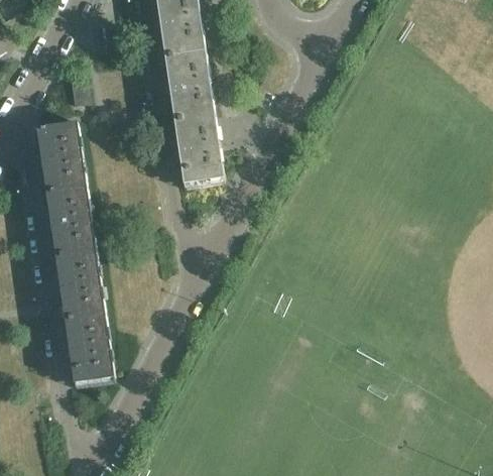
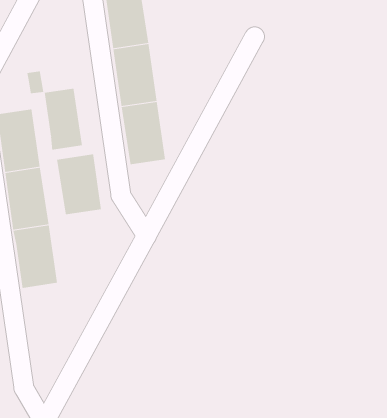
building: none -> [44,88,83,150]
building: none -> [56,154,101,215]
building: [65,312,113,382] -> none

